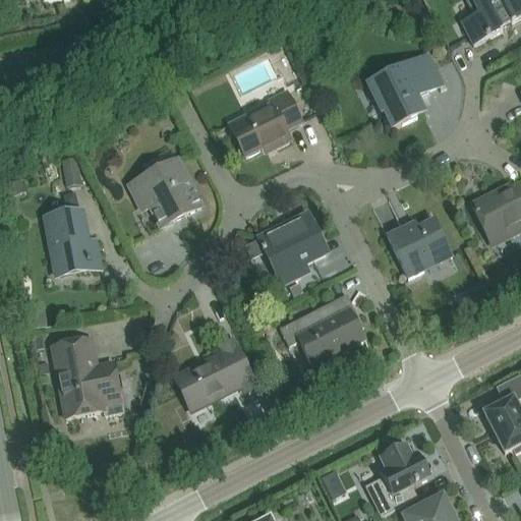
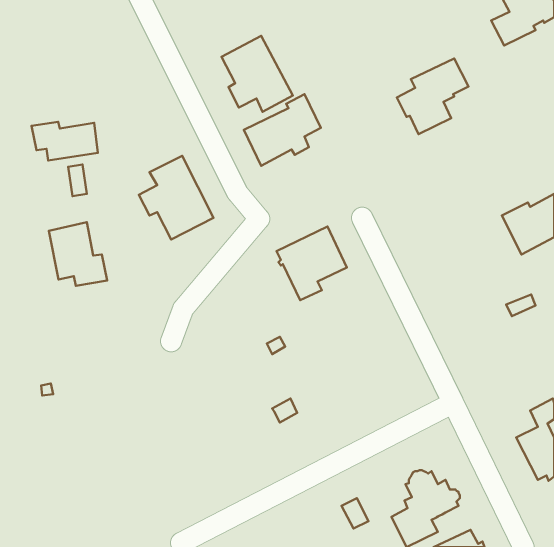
building: none -> [221,36,293,112]
building: none -> [32,122,98,161]
building: [387,218,452,276] -> none
building: [280,296,365,365] -> none
building: [52,338,122,416] -> none
building: [177,338,253,407] -> none

